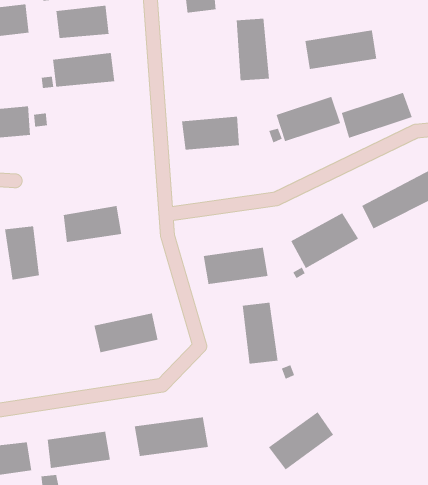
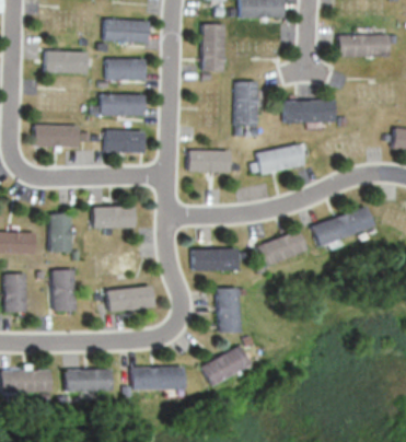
building: [341,92,413,139] -> none
building: none -> [105,130,143,153]
building: none -> [55,269,78,312]
building: [268,411,334,471] -> [197,346,246,386]

